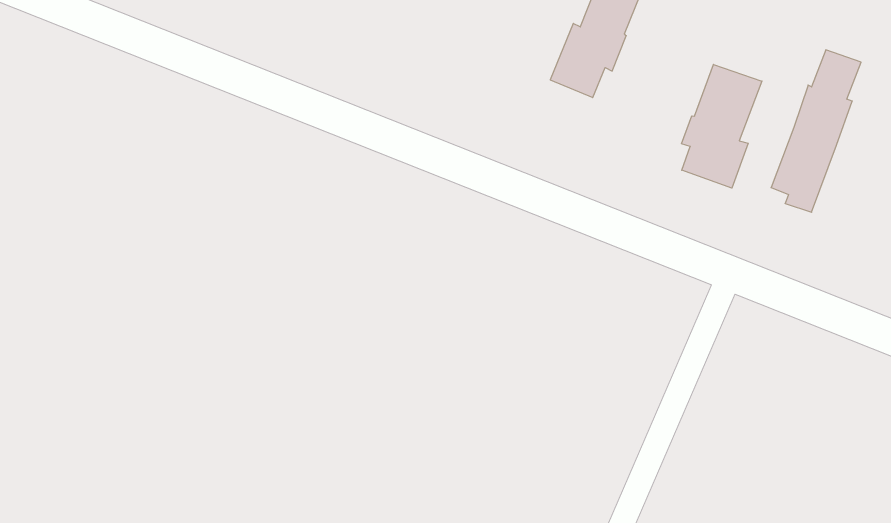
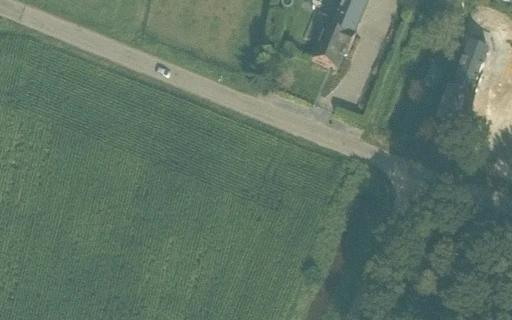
building: [682,64,762,188] -> none

